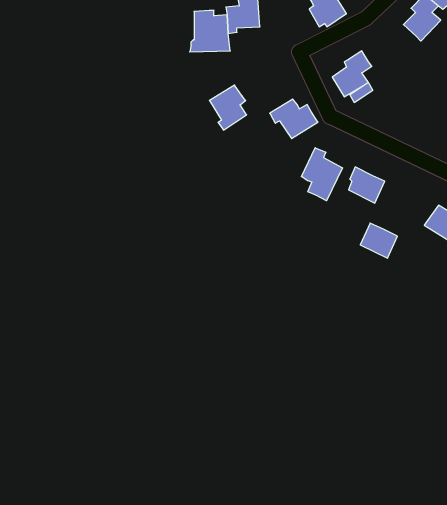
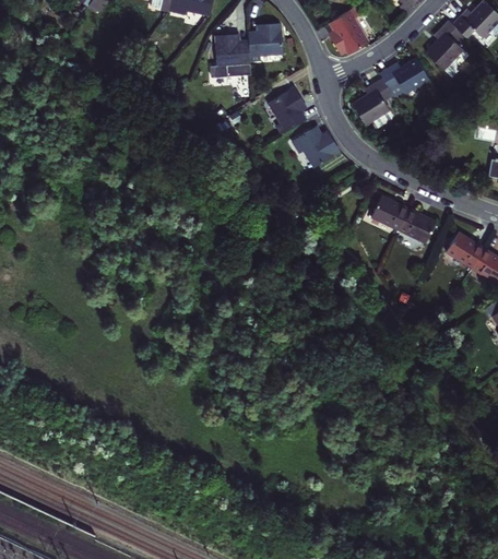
building: none -> [381,58,429,96]
building: [209,85,247,130] -> [270,88,307,133]
building: [301,148,342,201] -> none
building: [360,223,397,258] -> [398,209,435,243]

